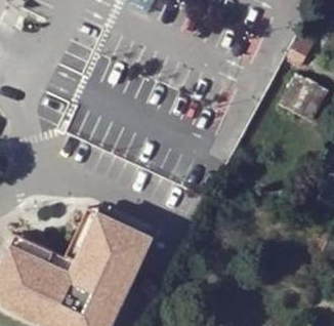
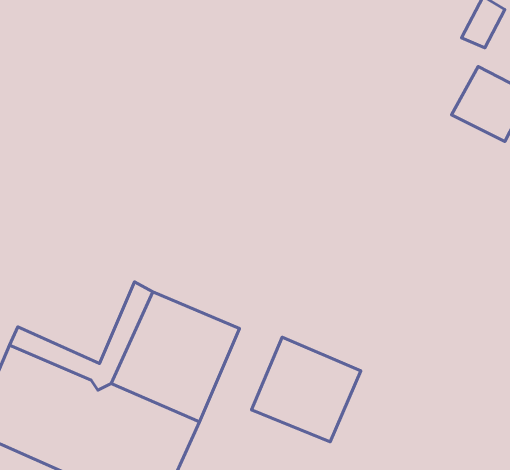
building: none -> [251,337,361,442]

